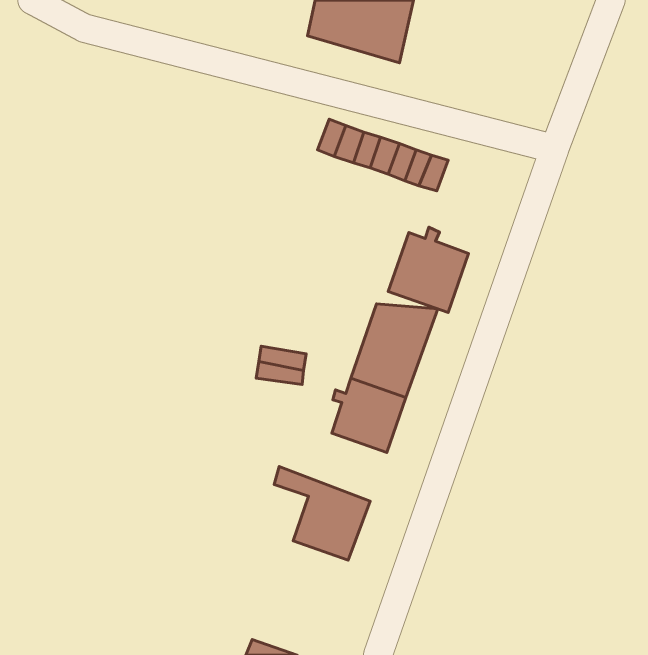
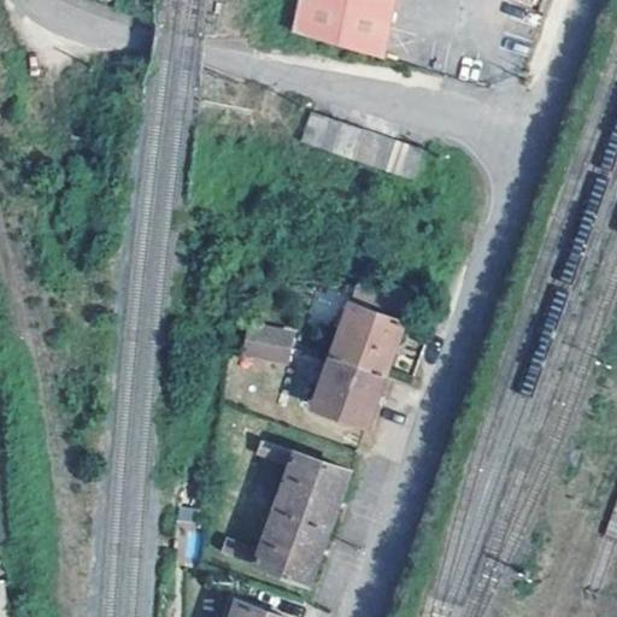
building: [388,227,469,312] -> none
building: none -> [222,509,328,584]

